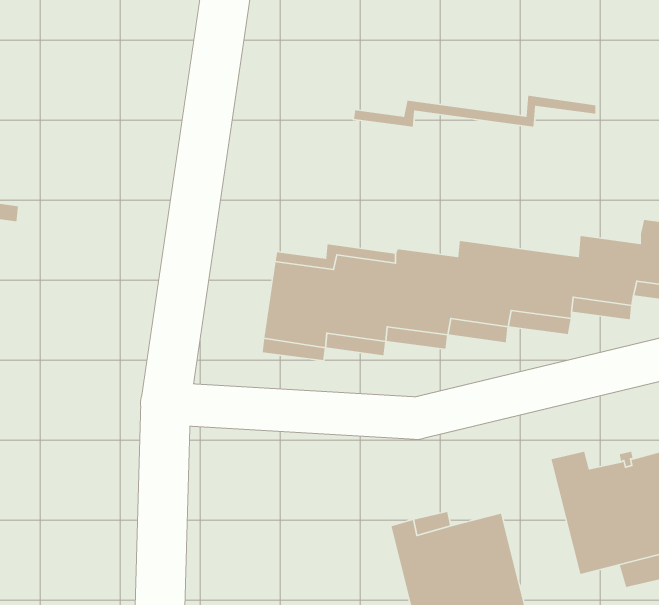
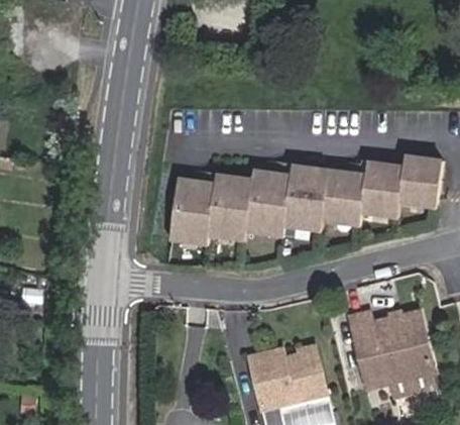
building: [353,95,596,128] -> [249,162,399,182]

